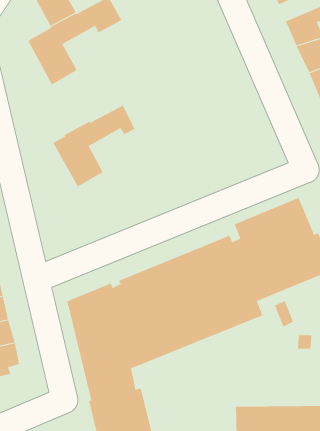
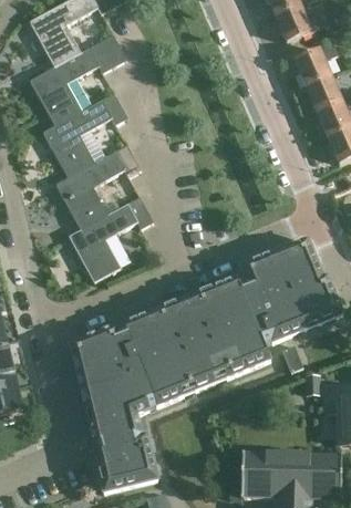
building: none -> [42,93,127,176]
building: none -> [69,197,153,282]

